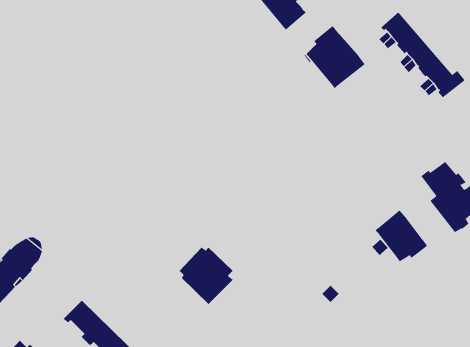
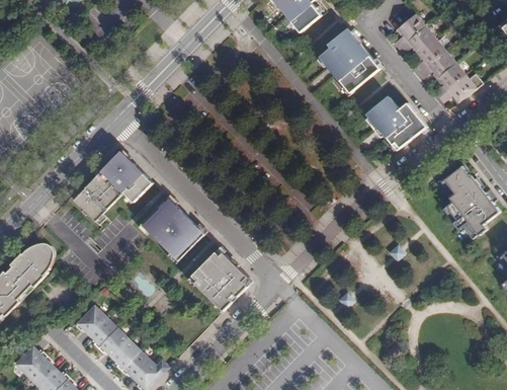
building: none -> [367,95,429,149]
building: none -> [73,151,152,224]
building: none -> [141,198,203,260]
building: [375,210,428,262] -> none

